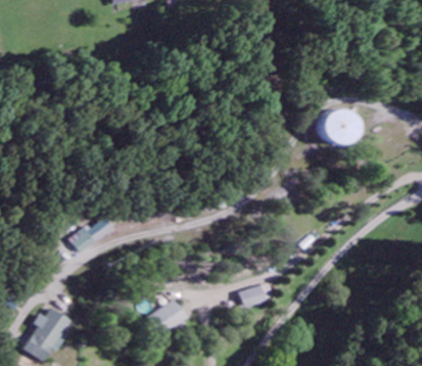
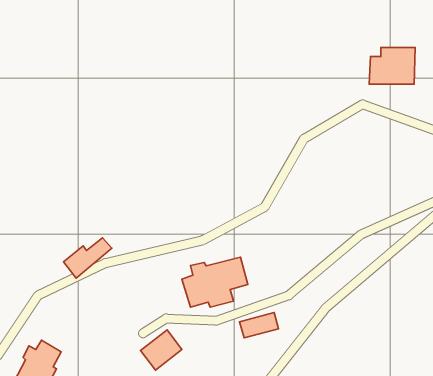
building: [322,110,363,143] -> [369,47,415,84]
building: none -> [182,257,248,307]

